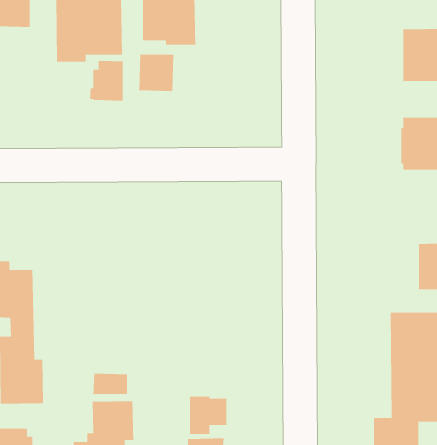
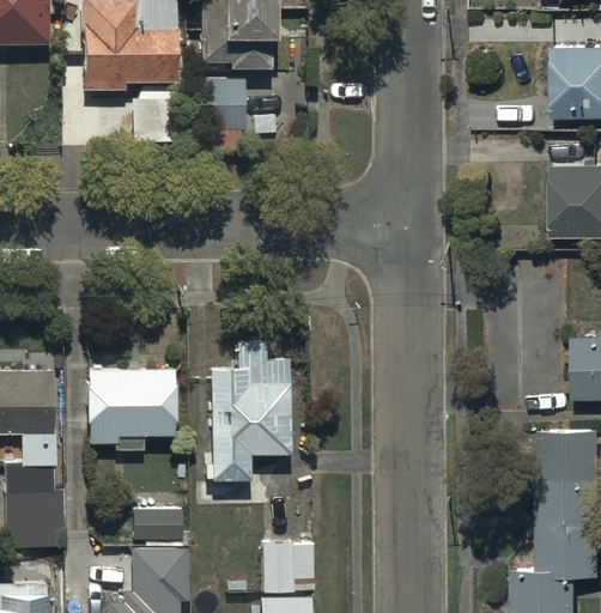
building: none -> [211,341,290,479]
building: none -> [84,368,172,449]

